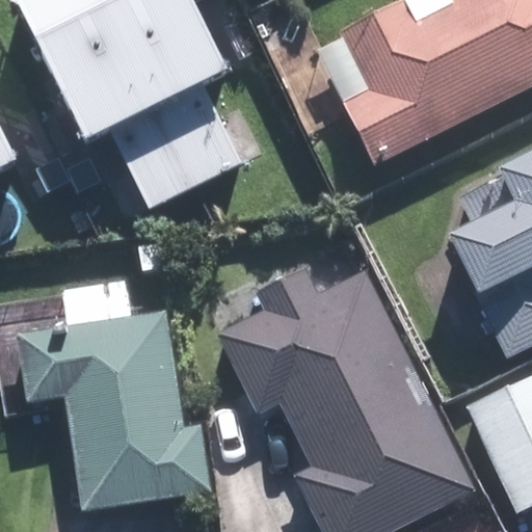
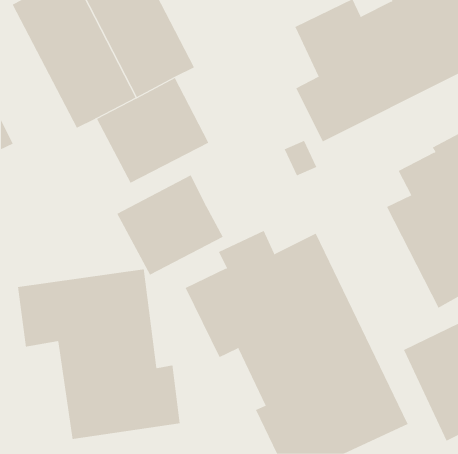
building: none -> [116,175,223,275]

